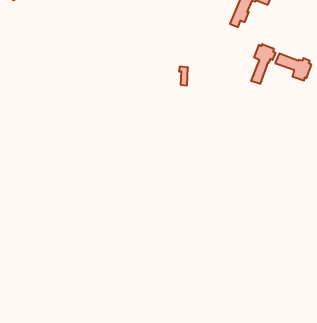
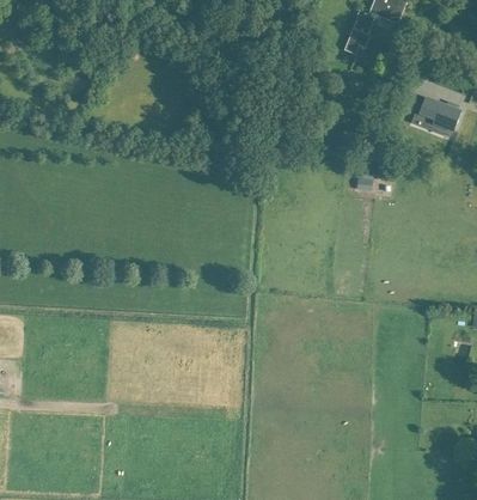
building: [251,44,275,84] -> none

